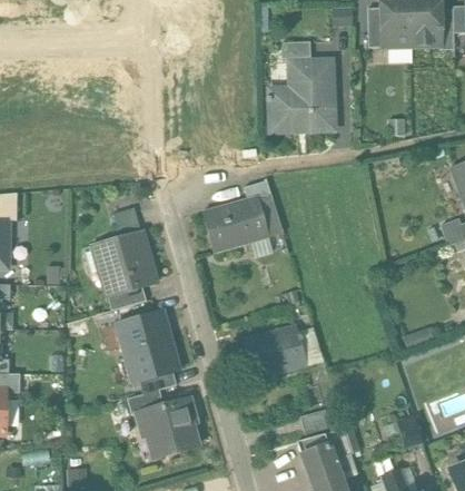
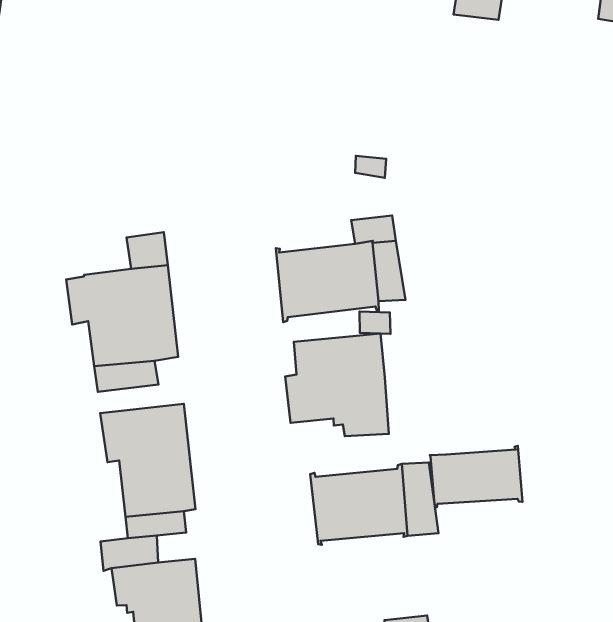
building: [270,61,333,131] -> none
building: none -> [285,333,389,436]
building: none -> [430,446,523,508]

